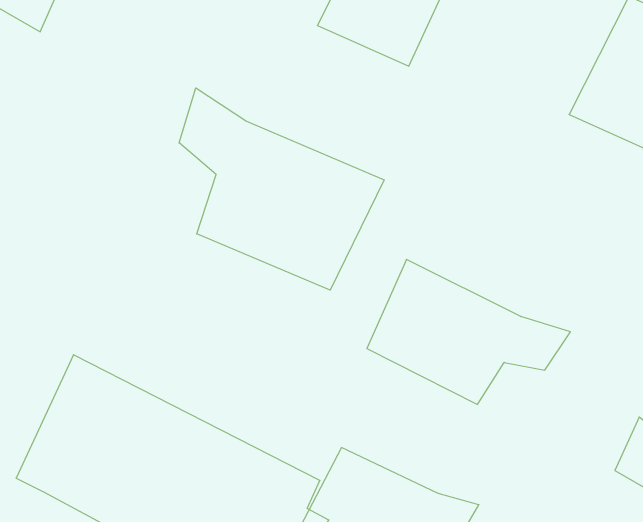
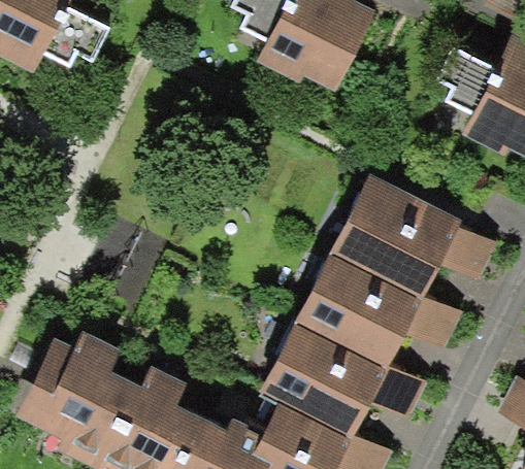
building: [179,88,384,290] -> none
building: none -> [335,177,500,295]
building: none -> [261,323,428,440]

